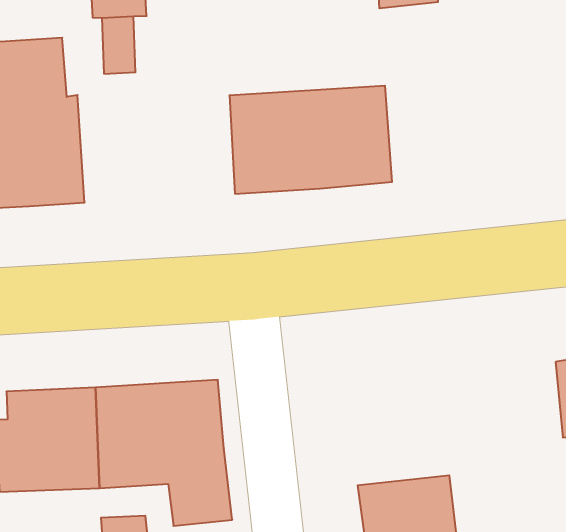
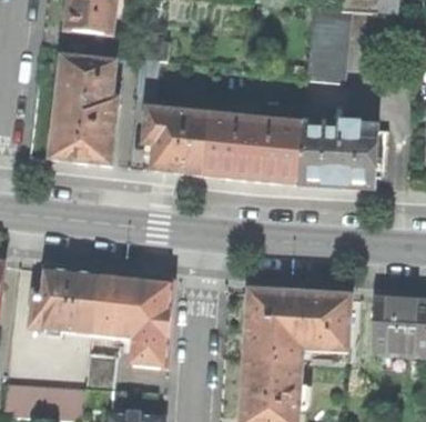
building: none -> [296,123,378,185]
building: none -> [144,108,209,172]
building: none -> [245,290,351,361]

